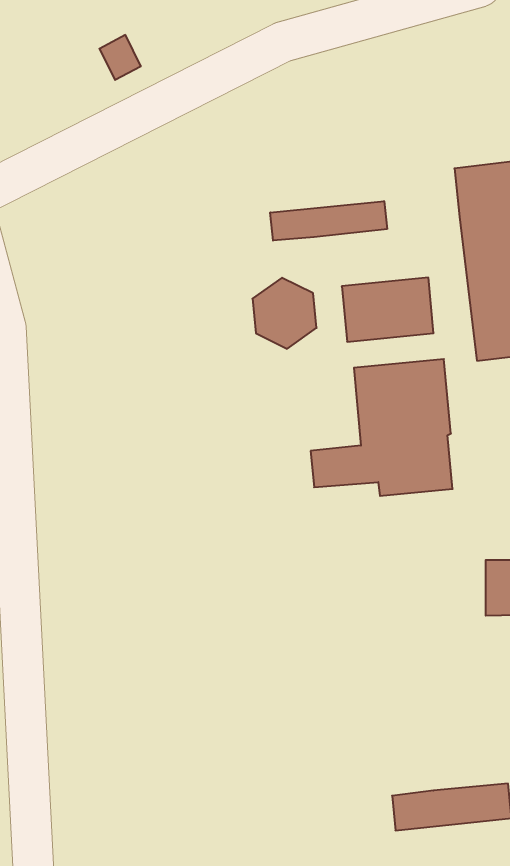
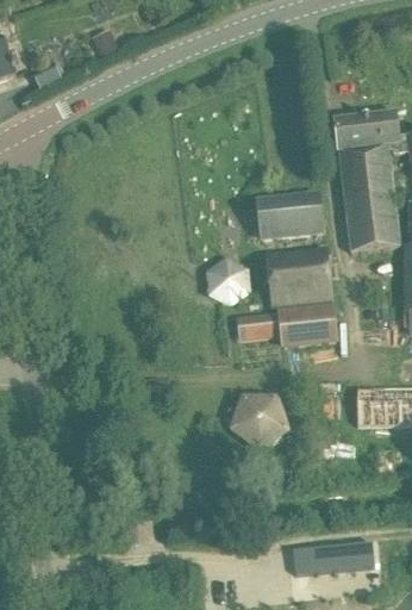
building: [270,201,387,241] -> none
building: [252,278,317,349] -> [205,257,249,306]
building: none -> [229,396,289,453]

